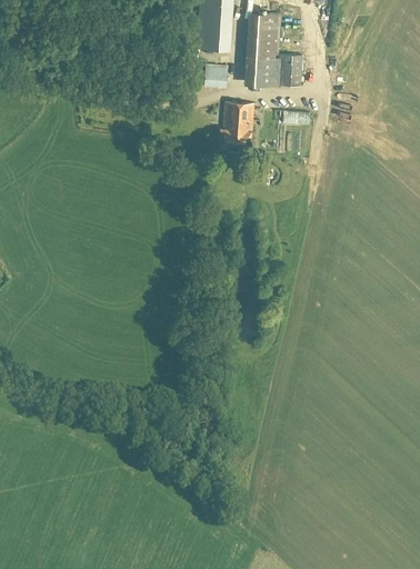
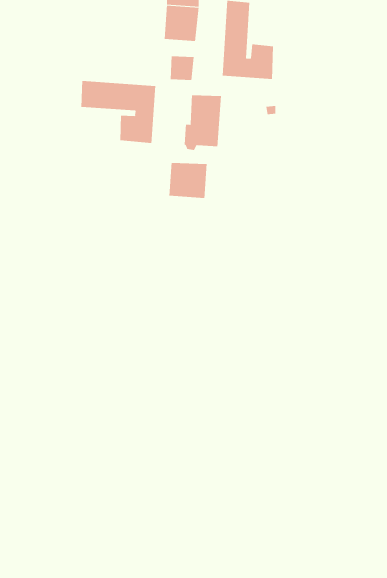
building: none -> [81,80,156,144]
building: none -> [169,162,207,199]

